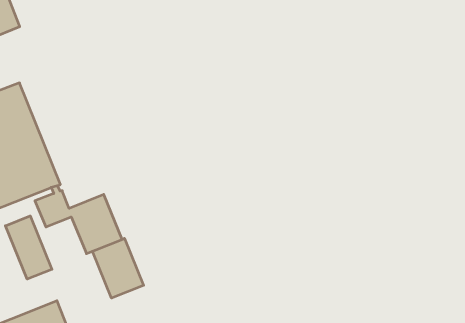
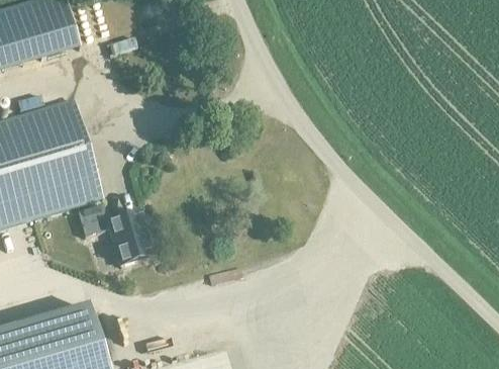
building: [5,216,52,279] -> none
building: [92,238,144,298] -> none

